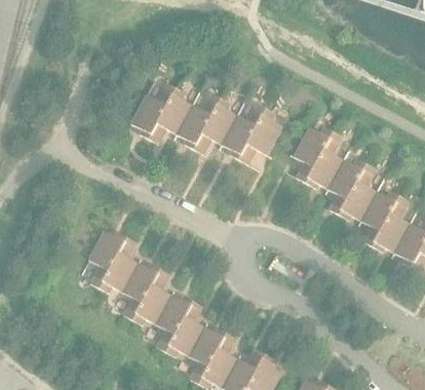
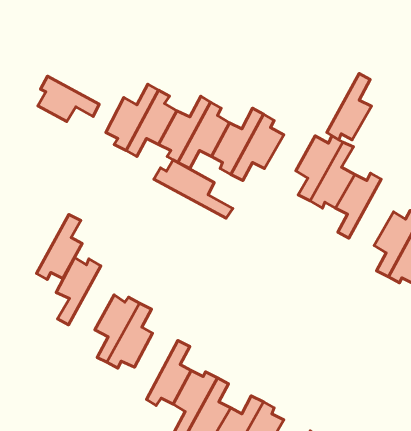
building: none -> [38,76,99,122]
building: none -> [154,160,233,218]
building: [339,163,377,220] -> [327,74,371,140]
building: [100,237,139,292] -> [36,215,82,280]
building: [156,295,193,351] -> none

